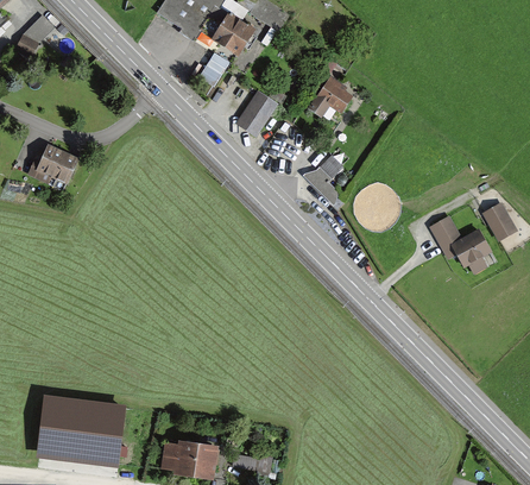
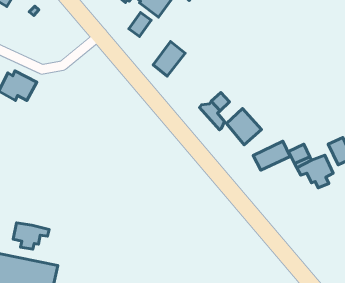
building: [308,75,353,118] -> none
building: none -> [226,109,261,145]
building: none -> [253,141,290,170]
building: none -> [13,223,49,249]

